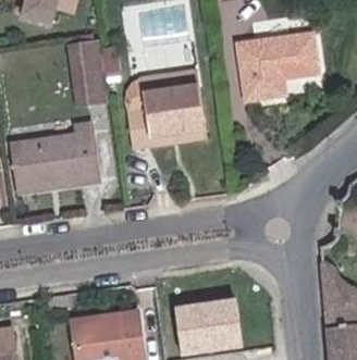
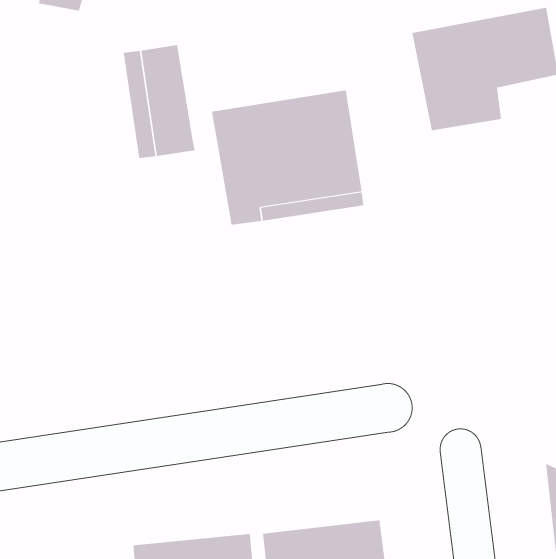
building: [25,117,113,185] -> none

